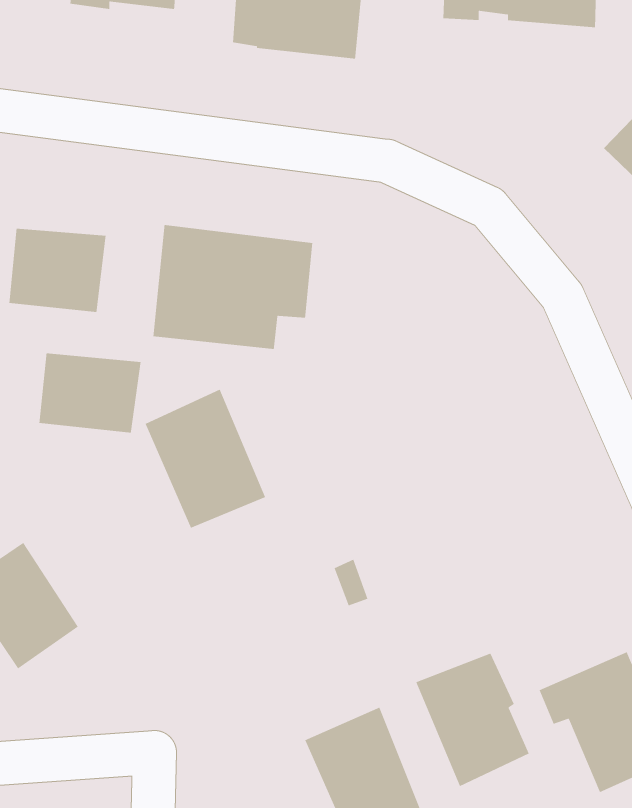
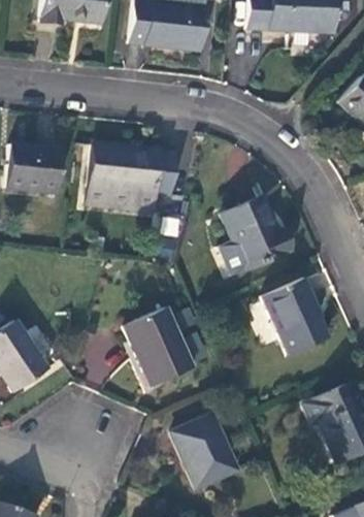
building: none -> [220,195,292,274]
building: [38,352,141,434] -> none
building: [144,388,266,529] -> [124,306,192,385]
building: [415,652,530,787] -> [264,280,328,355]

